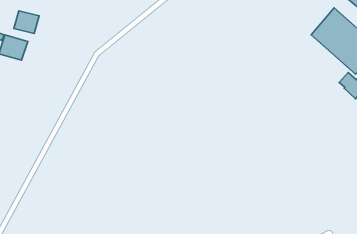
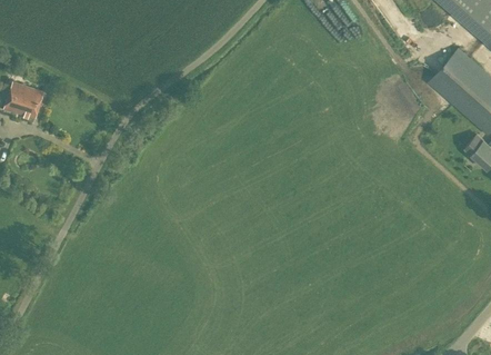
building: [14,11,39,33] -> none

